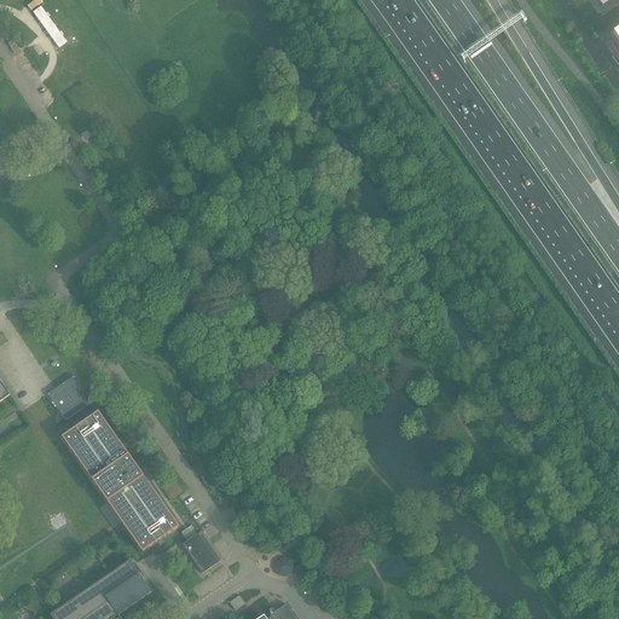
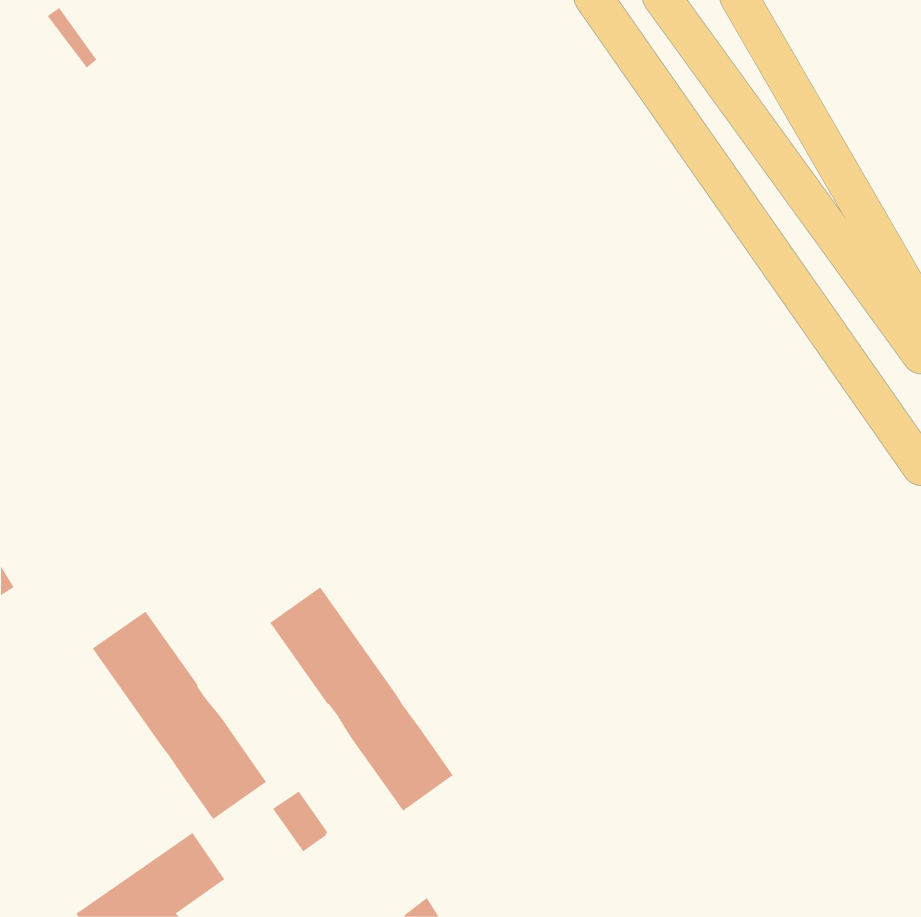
building: [47,375,92,420] -> none
building: none -> [270,587,454,811]

